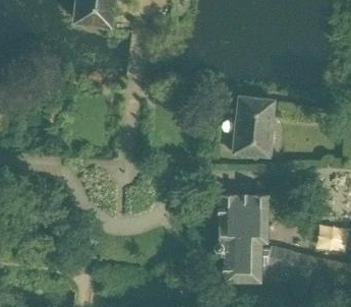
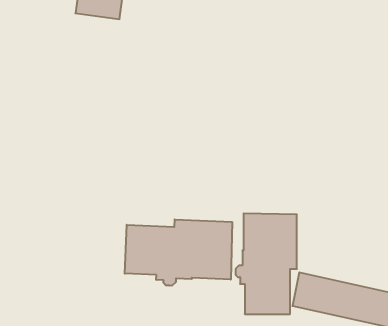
building: [233,98,274,158] -> none
building: none -> [125,219,232,286]

